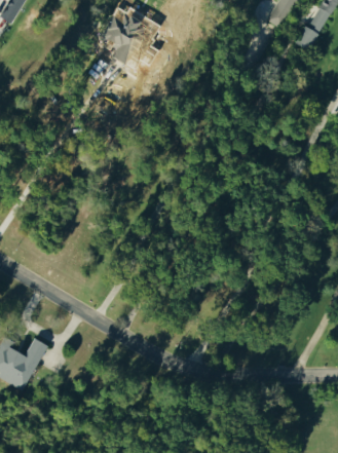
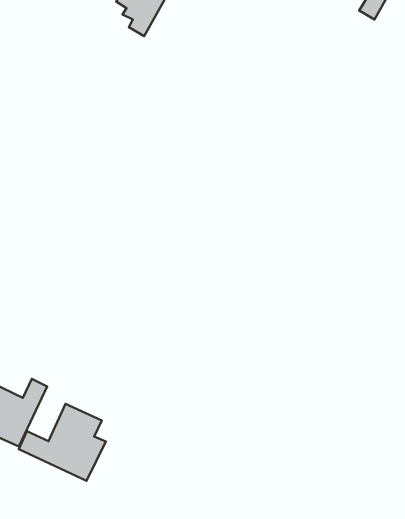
building: none -> [19,404,106,481]

